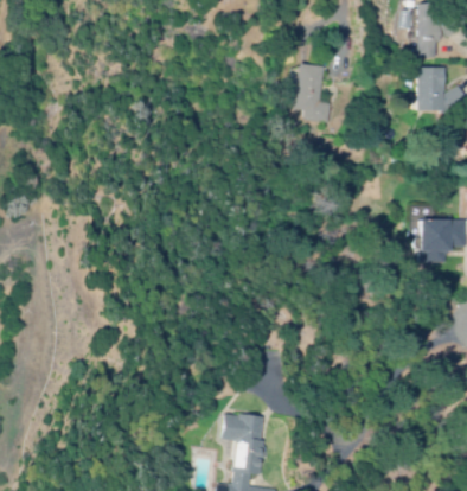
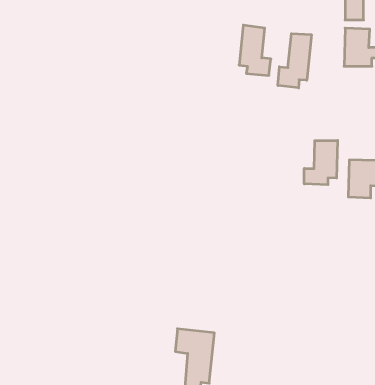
building: none -> [278,34,311,88]
building: none -> [304,140,338,185]

